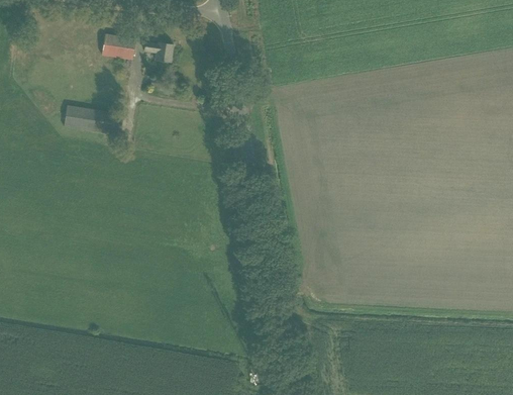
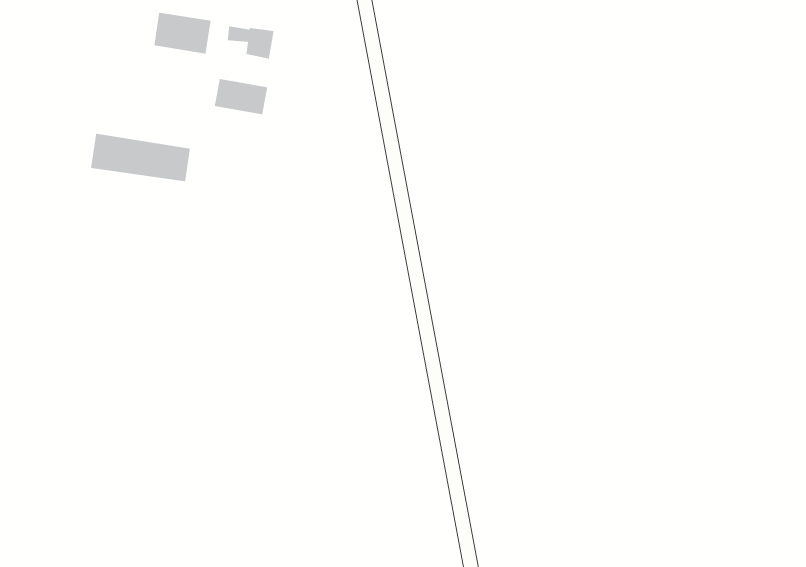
building: none -> [214,78,268,115]

